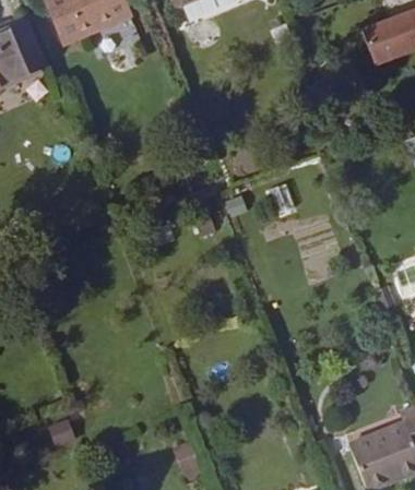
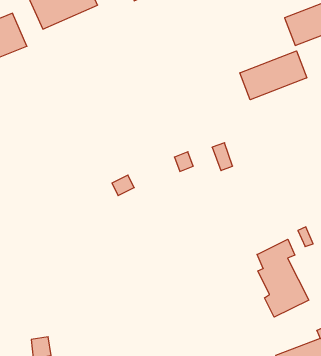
building: none -> [240,51,307,100]
building: none -> [257,239,309,317]

